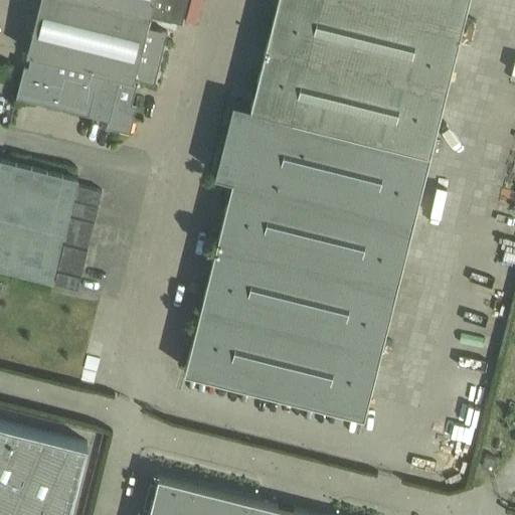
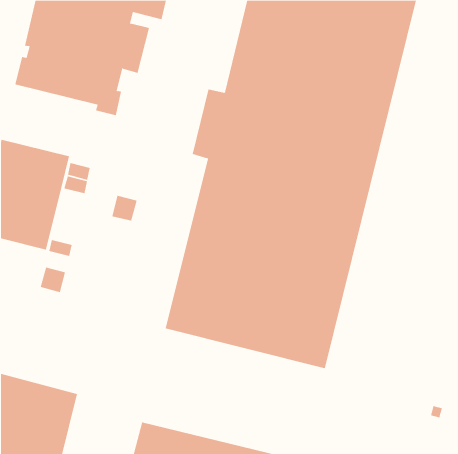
building: [65,219,95,248] -> [111,195,137,221]
building: [58,247,88,277] -> [40,267,66,293]

